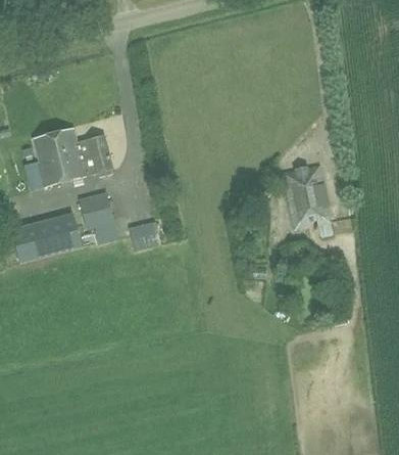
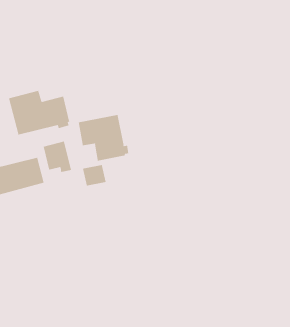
building: none -> [78,114,129,161]
building: [283,164,332,236] -> none

